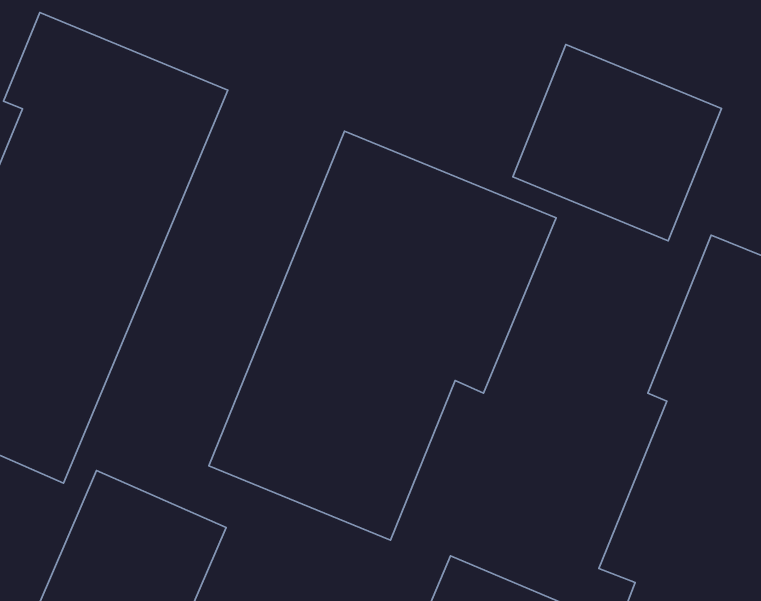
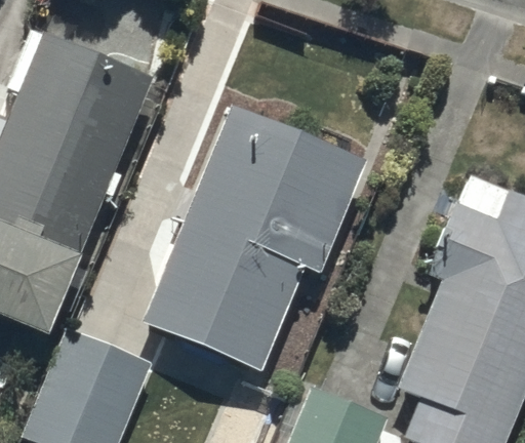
building: [513,45,721,241] -> none

